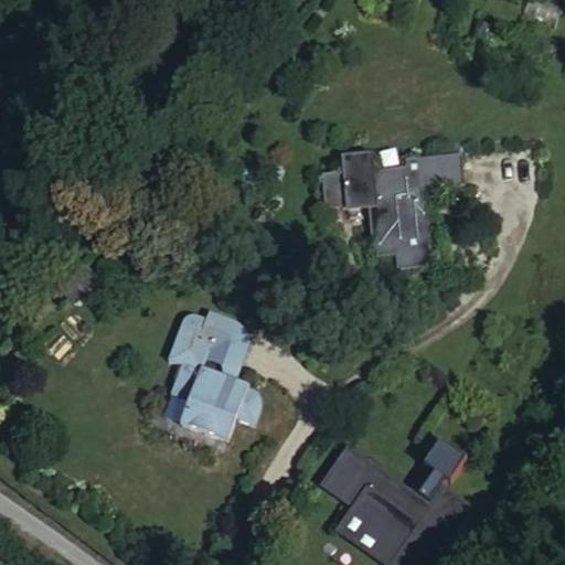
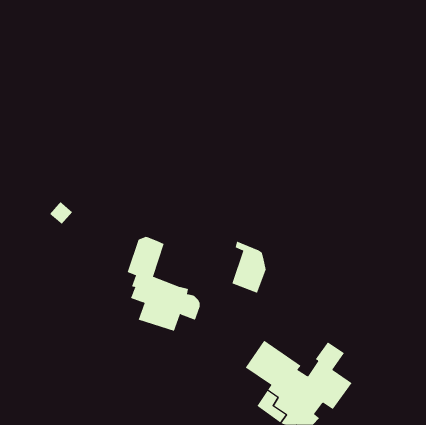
building: [318,147,455,263] -> none
building: [203,309,249,379] -> [231,241,267,294]

